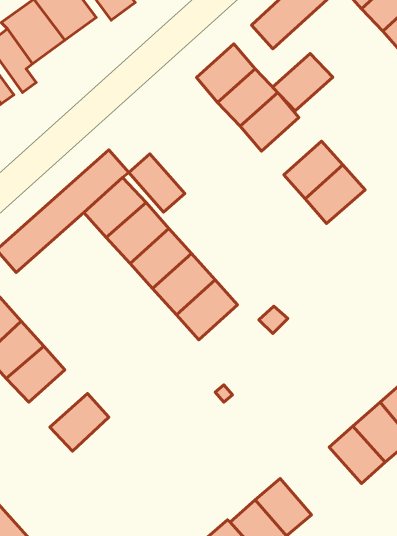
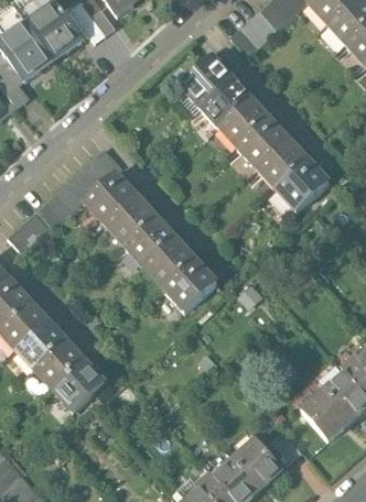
building: [273,53,333,111] -> [239,119,292,170]
building: [129,154,185,212] -> none
building: none -> [34,341,86,392]

